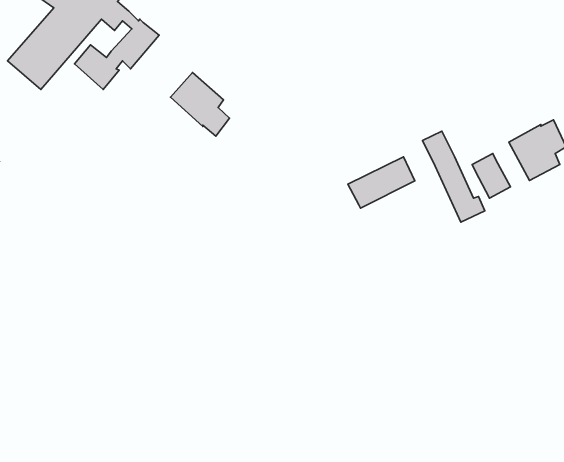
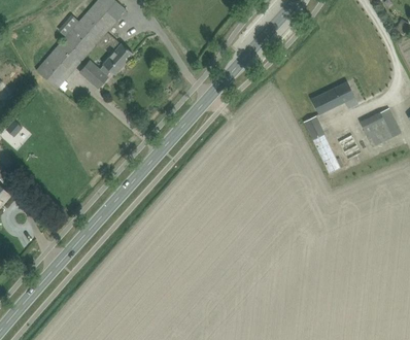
building: [171,73,230,136] -> none
building: [348,157,415,208] -> [311,81,354,114]

